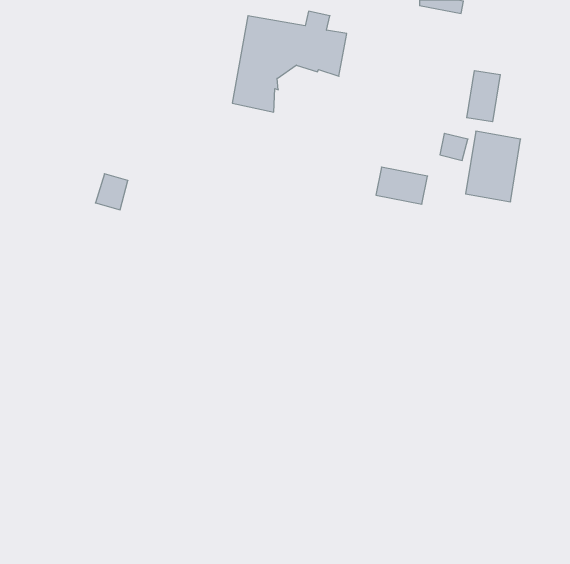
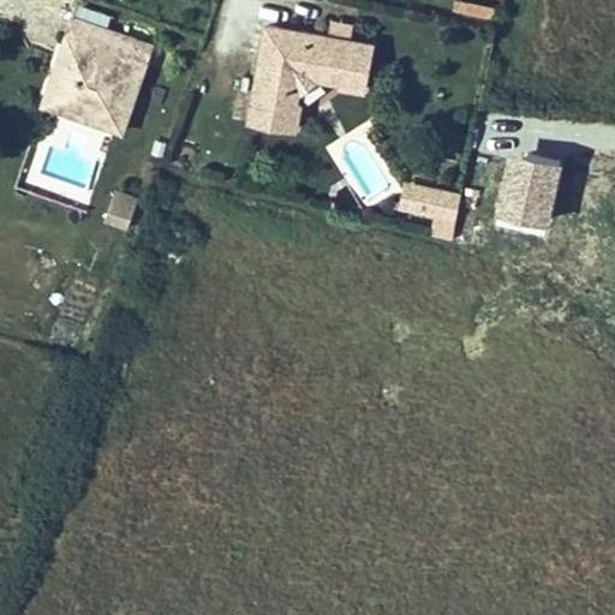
building: none -> [46,22,149,136]
building: [467,71,500,122] -> none

